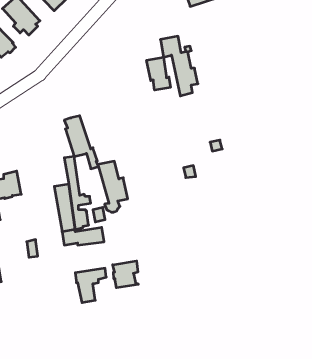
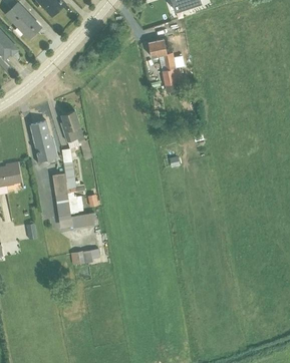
building: [147,57,170,90] -> none
building: [98,161,128,212] -> [30,120,57,166]
building: [113,261,138,288] -> none

